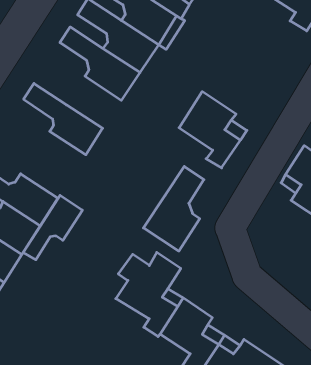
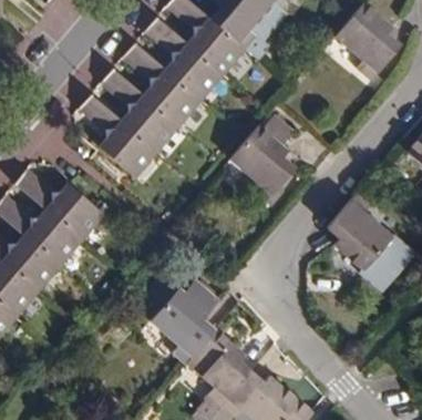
building: none -> [102,71,178,151]
building: [143,166,204,251] -> none
building: [23,195,82,260] -> none

